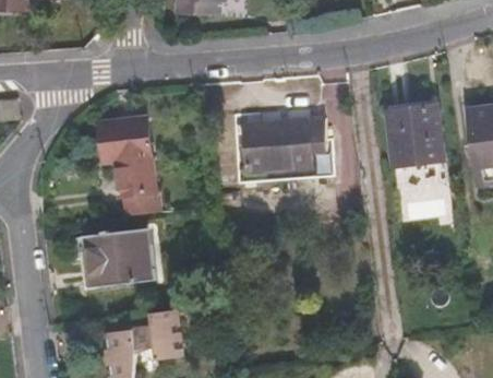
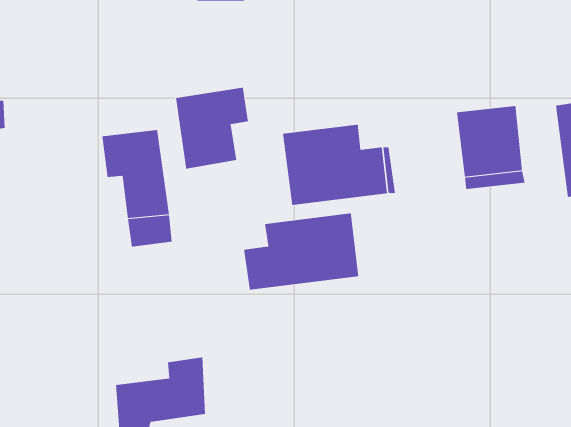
building: none -> [176,87,249,170]
building: none -> [244,213,359,290]
building: [83,228,144,286] -> none

